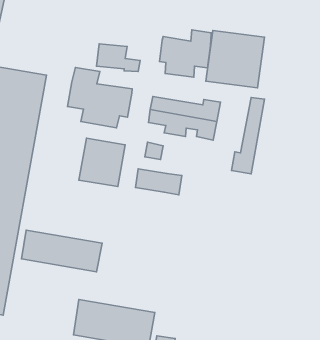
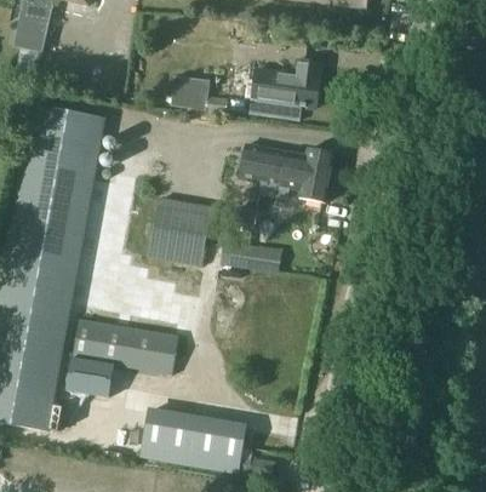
building: [206,30,265,88] -> none
building: [67,67,132,128] -> none
building: [231,97,265,174] -> none
building: none -> [65,356,114,396]

